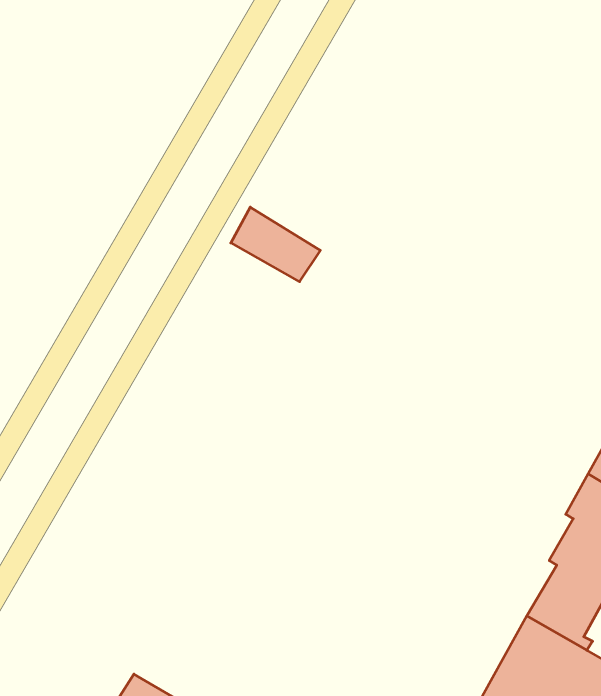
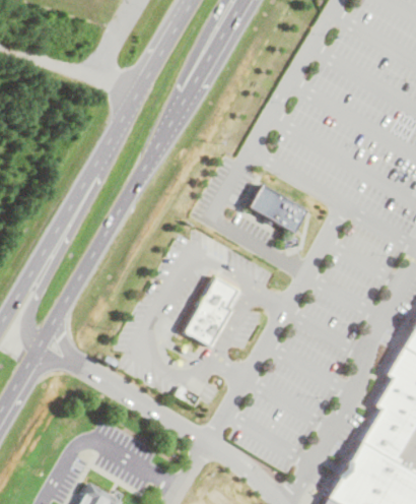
building: [231,207,320,282] -> [250,183,310,234]
building: none -> [185,278,240,345]

